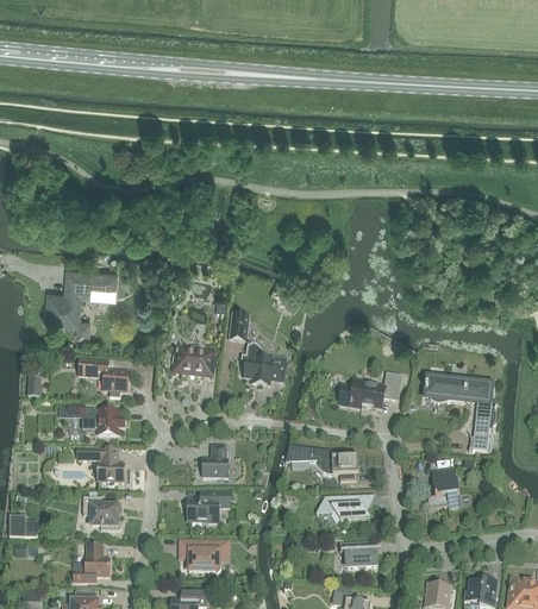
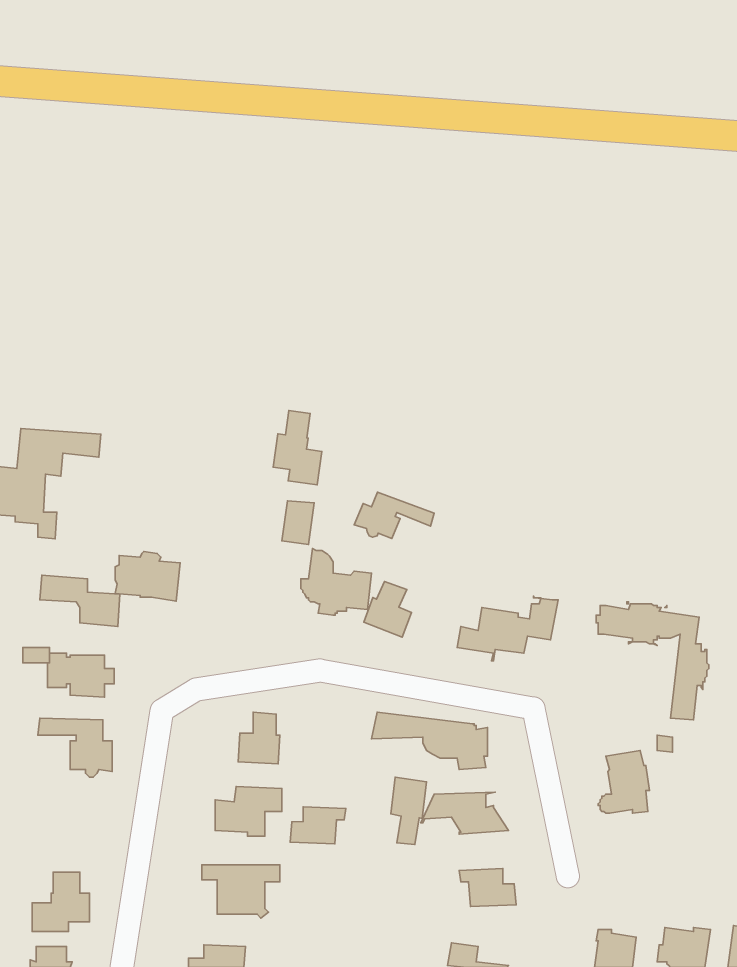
building: none -> [273,410,322,485]
building: none -> [354,492,434,539]
building: [174,345,214,376] -> [115,552,180,601]
building: none -> [364,582,411,637]
building: none -> [391,777,426,845]
building: [83,496,121,530] -> none
building: none -> [290,807,346,844]

